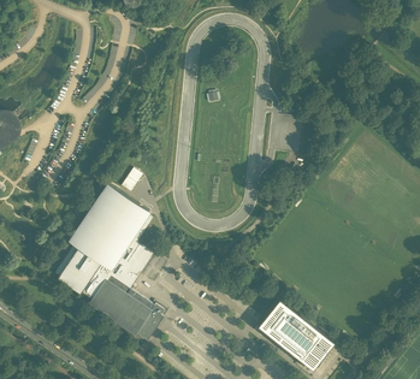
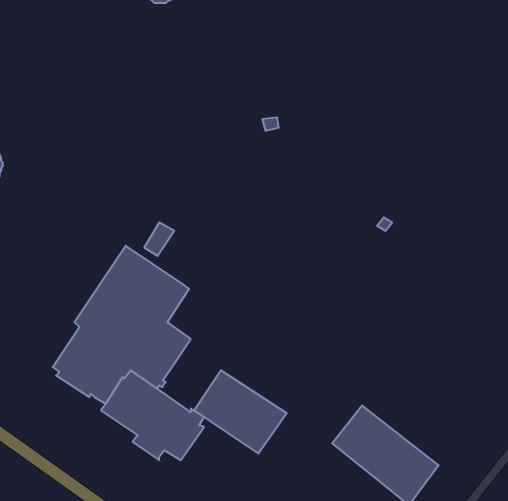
building: none -> [194,370,287,454]

